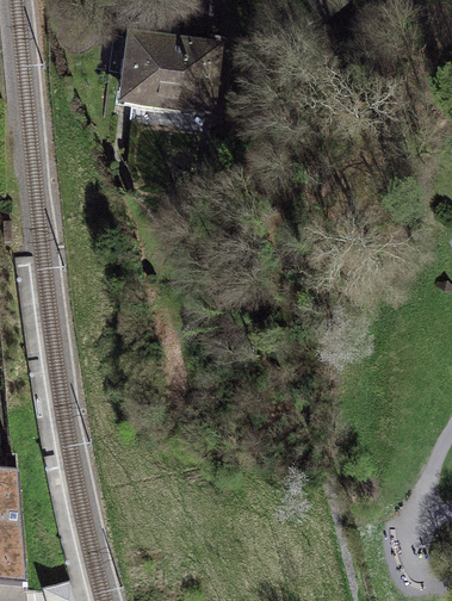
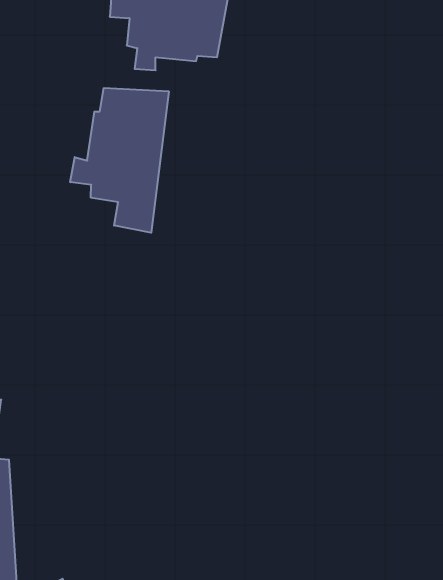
building: none -> [70,88,169,233]

